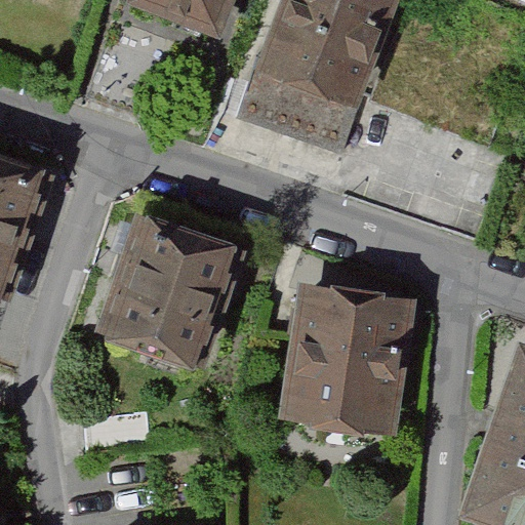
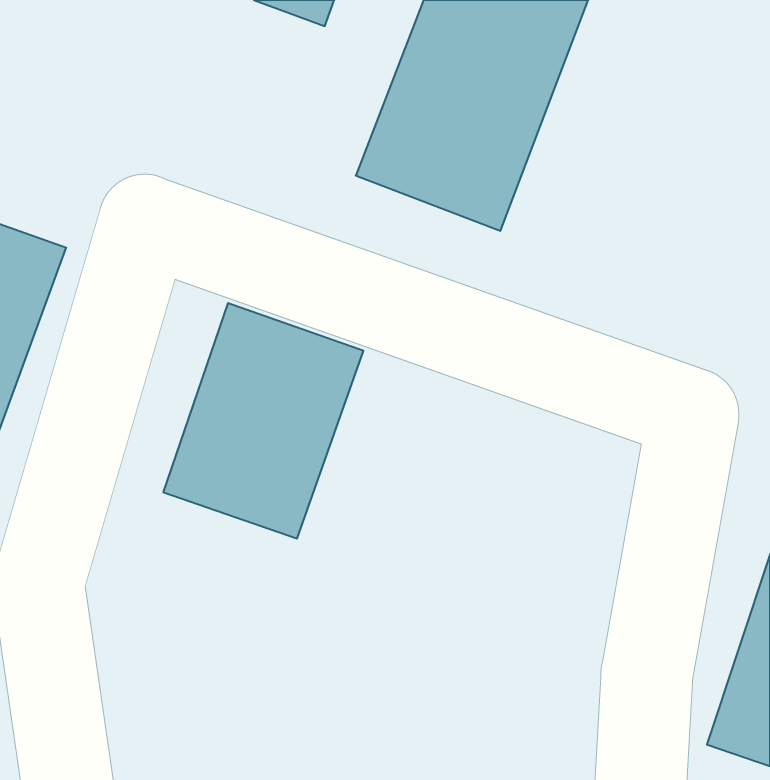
building: [282,280,410,433] -> none

